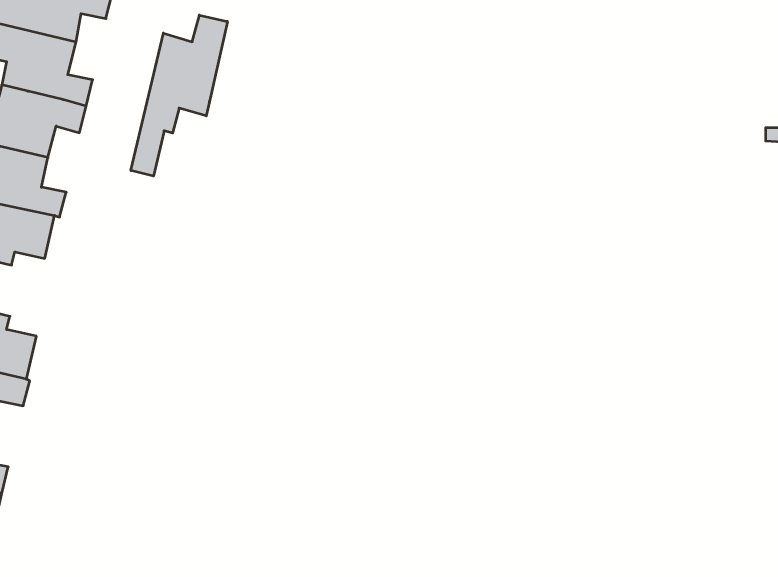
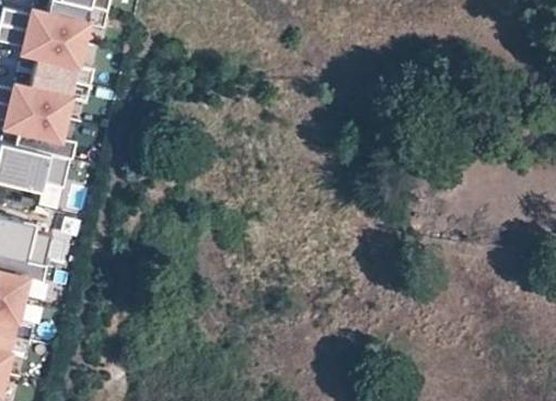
building: [131,15,227,176] -> none

